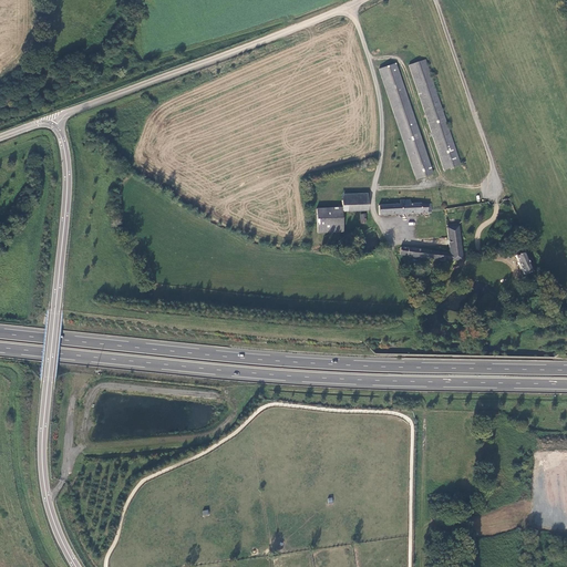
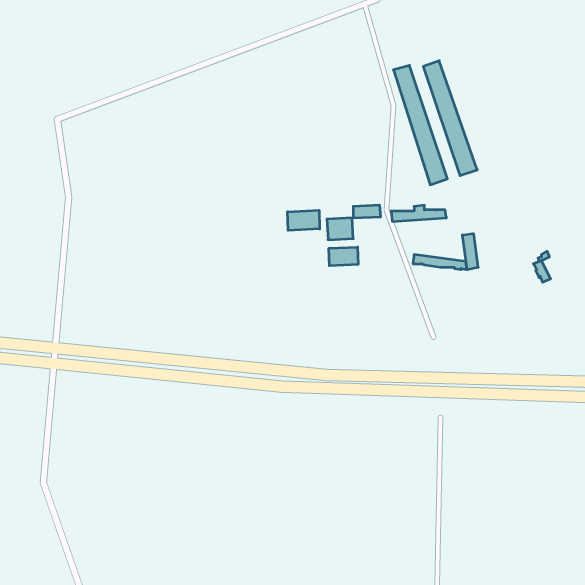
building: none -> [288,210,320,230]
building: none -> [329,247,358,266]

